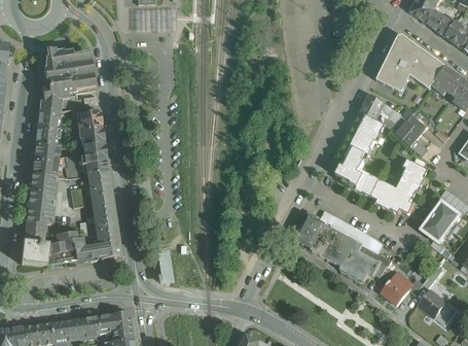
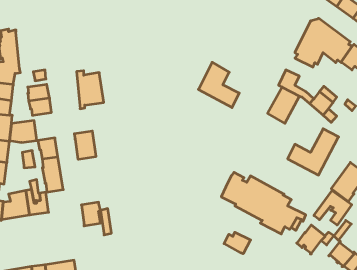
building: [64,50,95,94] -> [77,71,104,109]
building: [83,143,108,175] -> [74,131,96,159]
building: [333,144,380,196] -> [198,62,239,108]
building: [98,231,119,257] -> [81,202,100,226]
building: none -> [314,190,352,225]
building: none -> [224,232,251,254]

